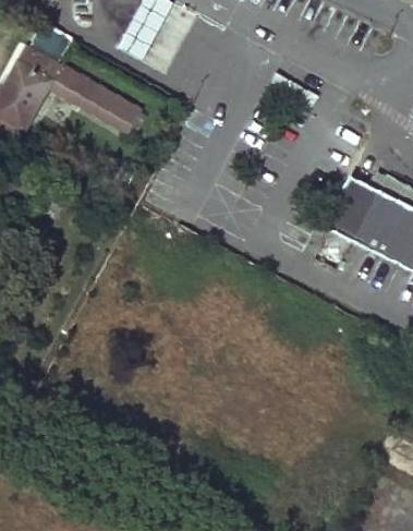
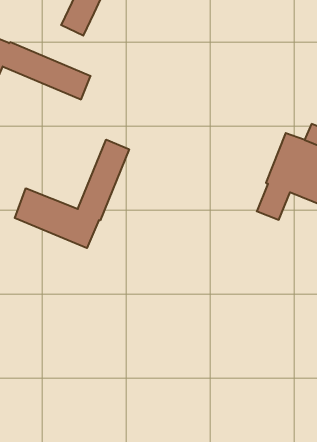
building: none -> [15,140,129,248]

